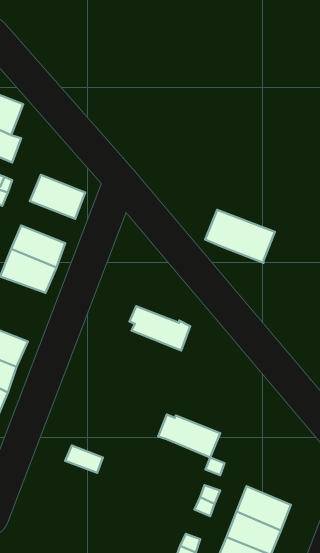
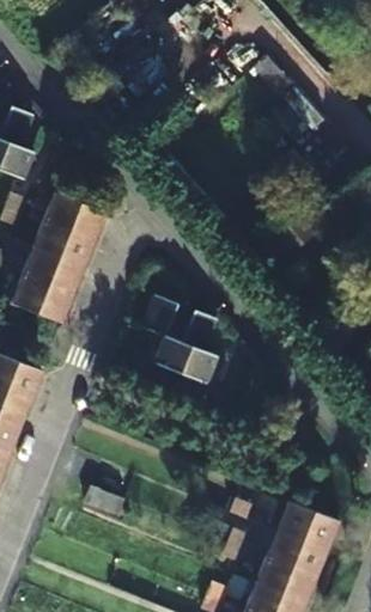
building: none -> [35,222,93,268]
building: [205,210,275,263] -> [142,296,218,354]
building: [158,414,220,457] -> [270,504,337,551]

